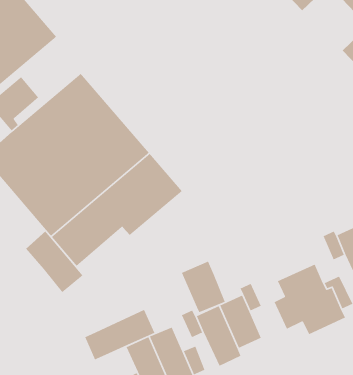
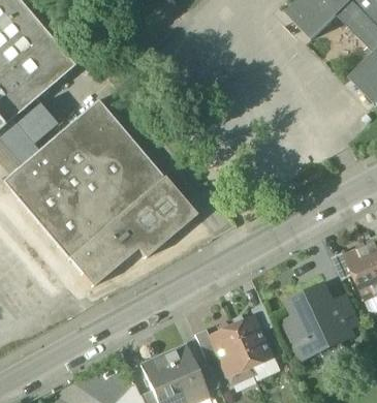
building: [25,231,84,293] -> none
building: [181,261,226,313] -> none
building: [84,309,155,361] -> none

